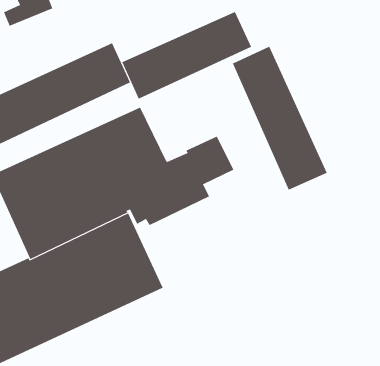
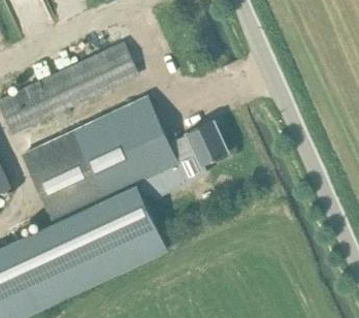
building: [122,11,252,99] -> none
building: [232,46,328,191] -> none

